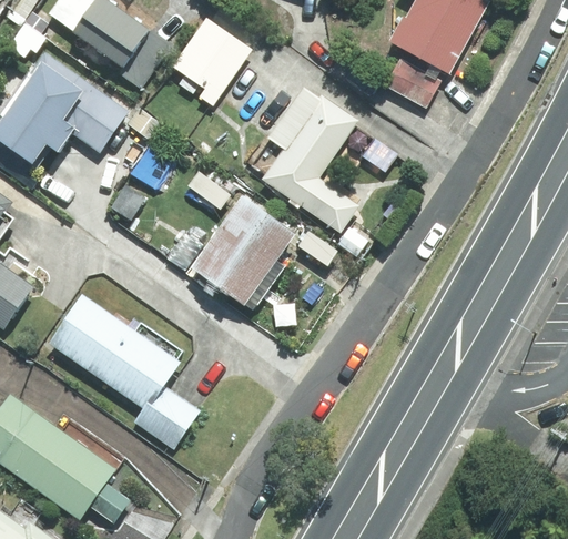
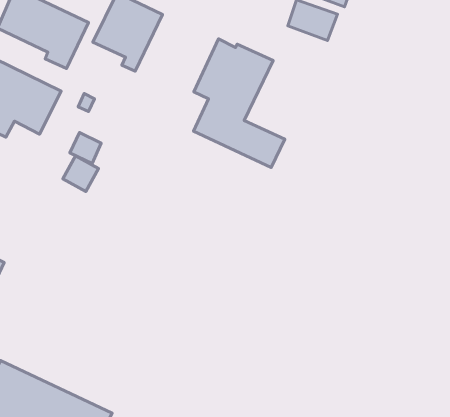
building: [193,195,297,304] -> none
building: [52,292,203,452] -> none

